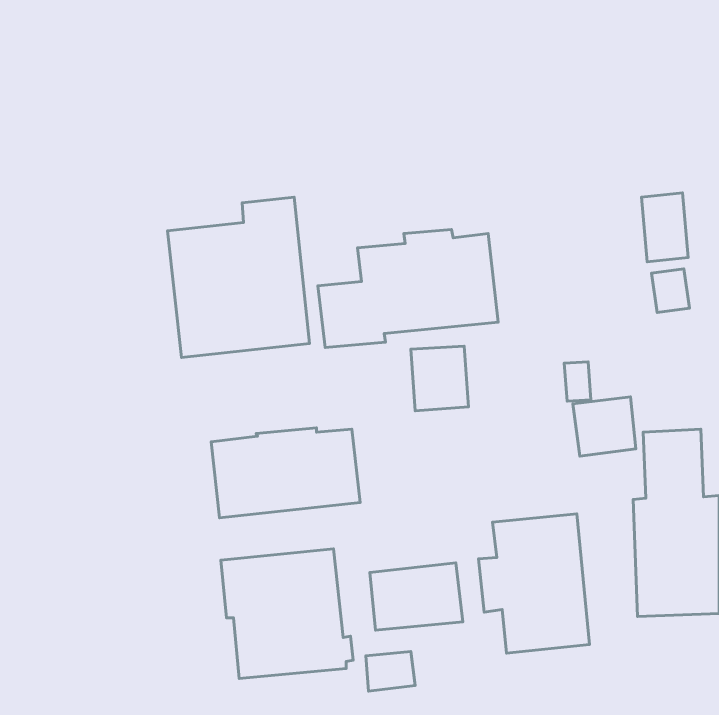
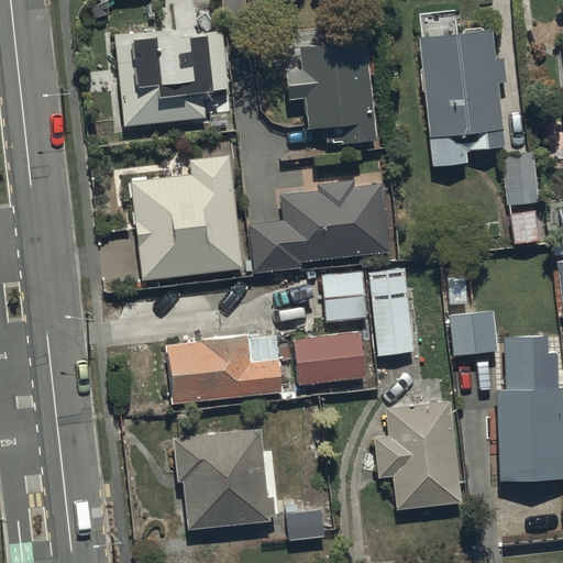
building: none -> [114,26,228,125]
building: none -> [418,29,507,166]
building: none -> [285,41,376,144]
building: none -> [367,267,413,355]
building: [370,563,463,630] -> [292,332,365,385]

